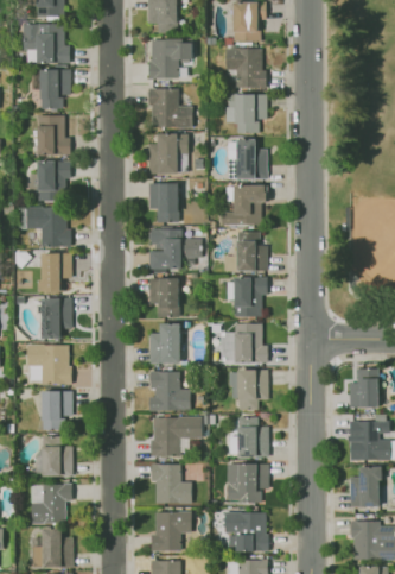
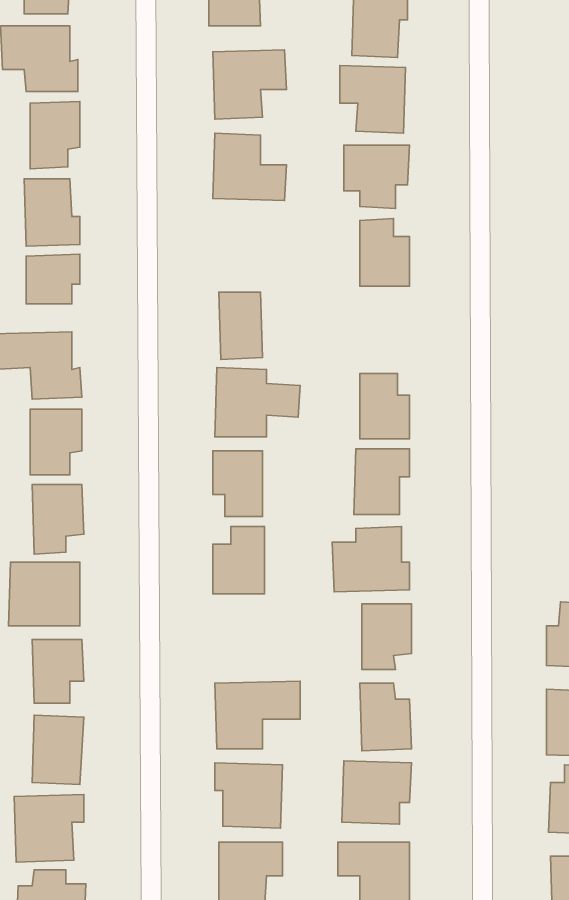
building: [148,133,189,174] -> none
building: [222,185,267,225] -> none
building: [148,371,191,411] -> none

